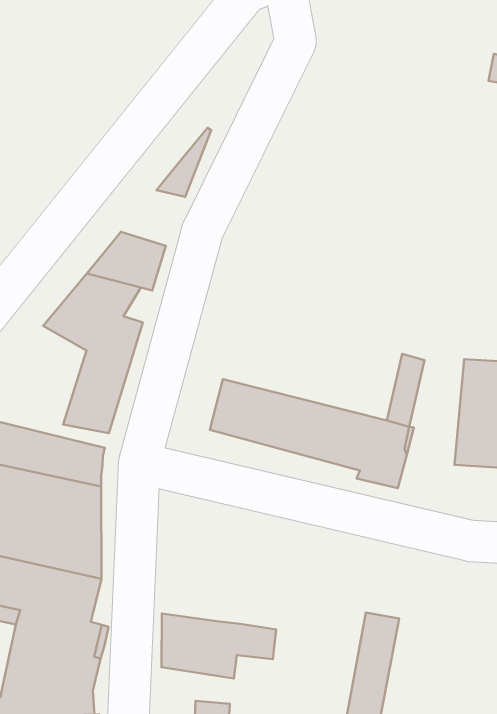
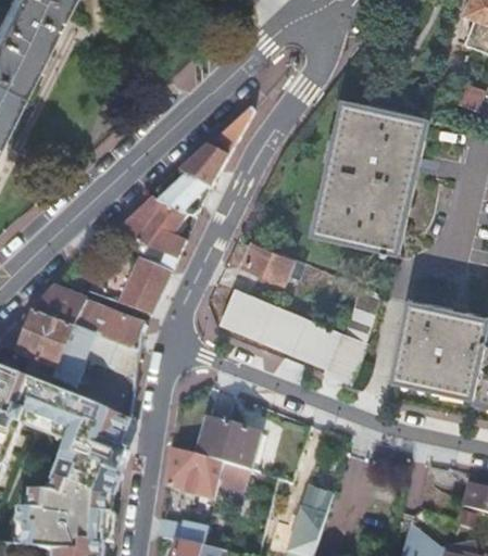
building: none -> [317,102,422,257]
building: none -> [178,150,227,190]
building: none -> [242,242,303,282]
building: none -> [208,424,270,475]

